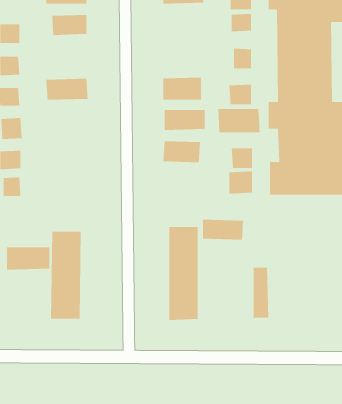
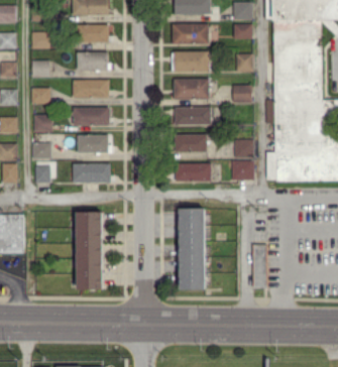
building: none -> [171,23,208,44]
building: none -> [77,51,107,71]
building: [218,108,260,133] -> [172,51,209,73]
building: none -> [73,107,109,126]
building: none -> [77,135,108,153]
building: [202,219,244,240] -> [175,163,211,181]
building: [6,247,50,270] -> [72,163,110,184]

